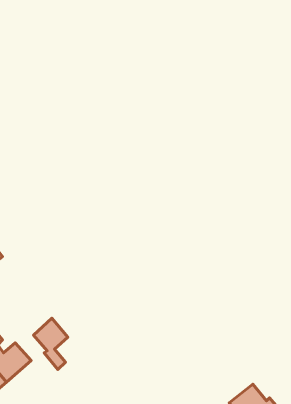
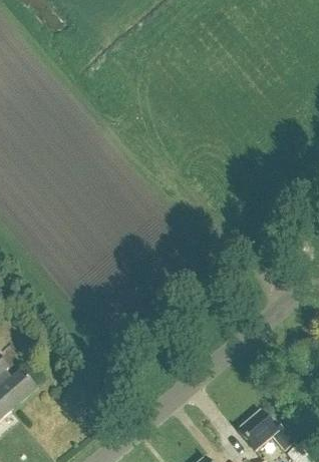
building: [33,318,68,369] -> none

